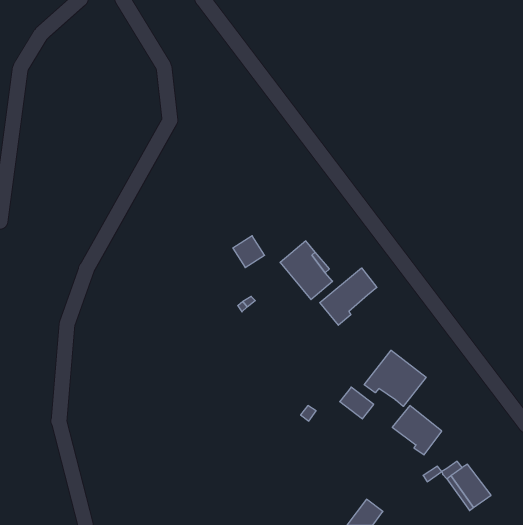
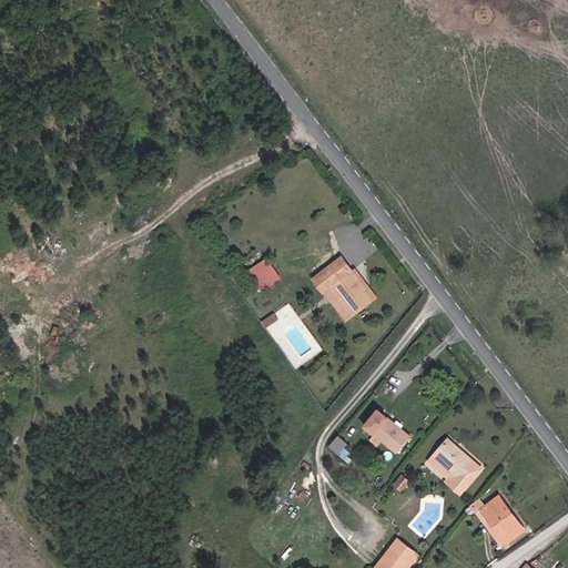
building: [320,268,377,325] -> none
building: [364,350,426,406] -> none

